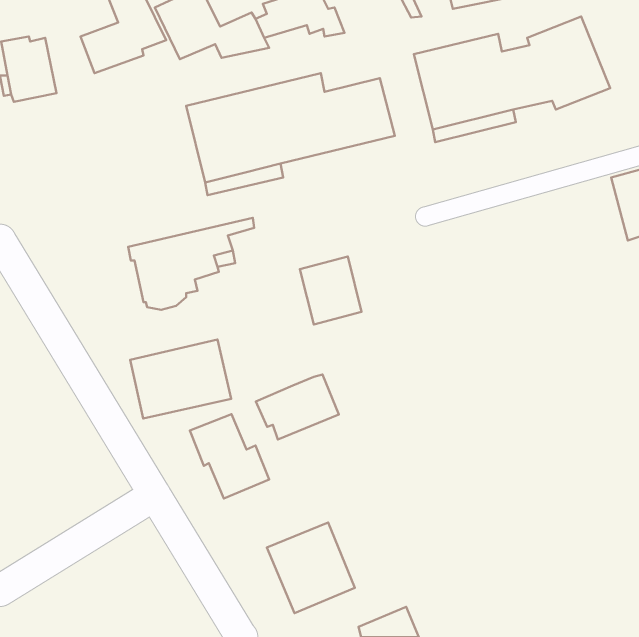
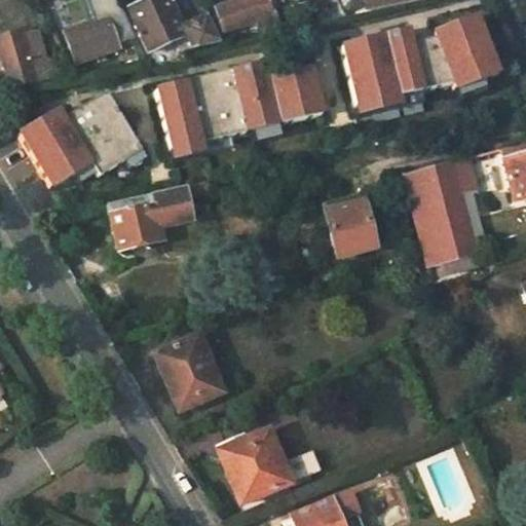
building: none -> [18,91,142,188]
building: none -> [407,152,479,260]
building: [300,257,362,325] -> [328,196,378,252]
building: [130,339,231,418] -> none
building: [256,374,339,439] -> none

